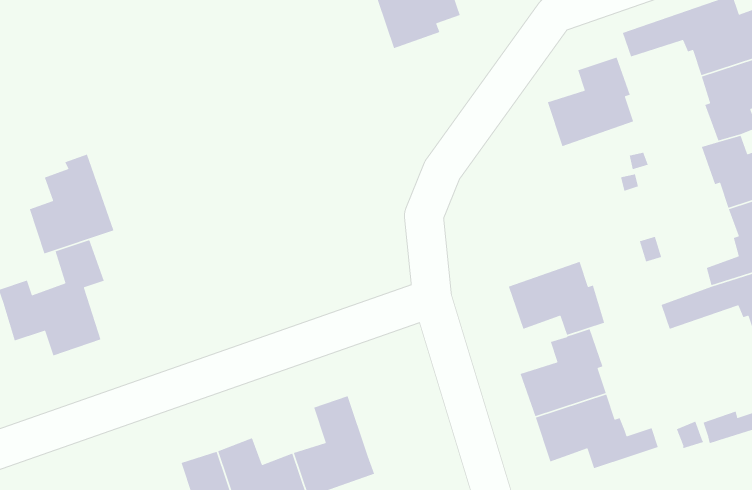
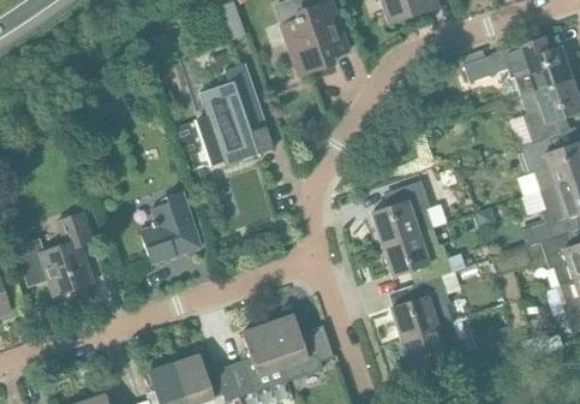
building: none -> [197,63,273,165]
building: [547,56,634,147] -> [371,180,433,245]
building: [29,154,114,254] -> [140,191,202,263]
building: none -> [268,314,334,380]

